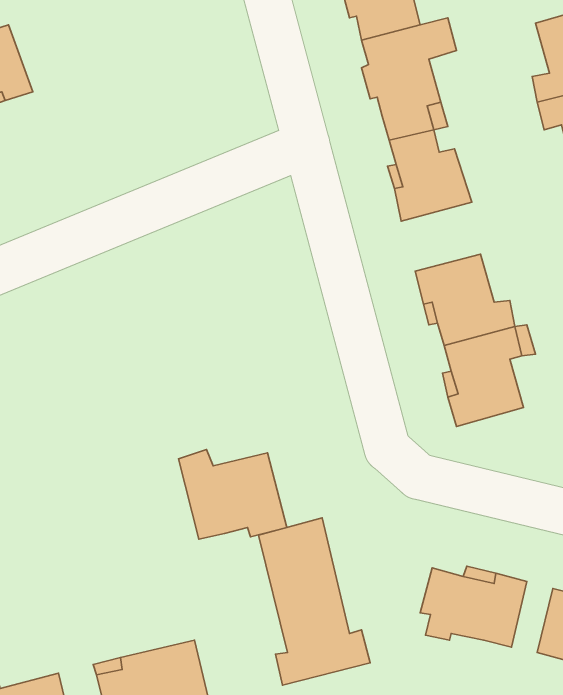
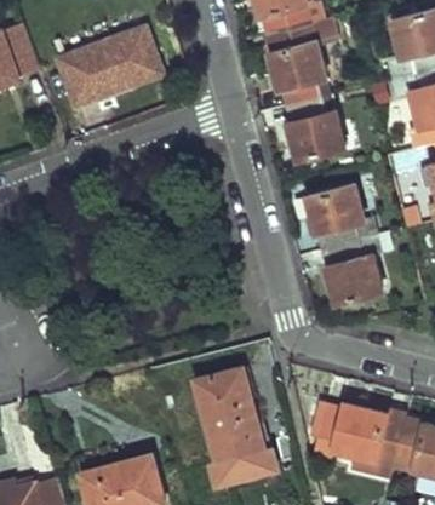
building: none -> [59,27,161,104]
building: [178,450,287,539] -> none
building: none -> [350,413,403,478]

